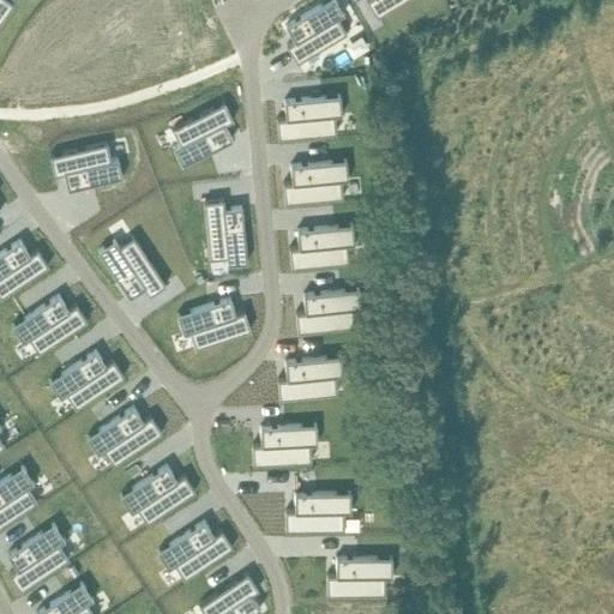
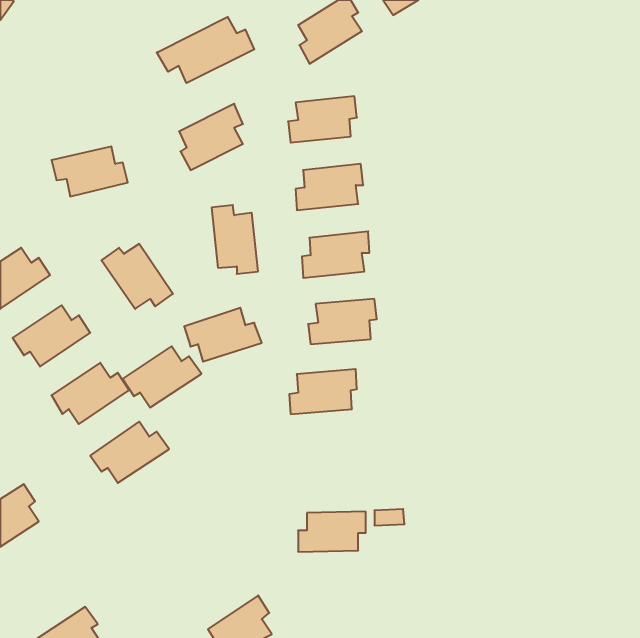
building: none -> [157,17,254,83]
building: [252,423,317,464] -> none
building: [120,464,195,523] -> [123,346,201,407]
building: [157,520,233,579] -> none
building: [7,523,68,591] -> none
building: [326,556,392,595] -> none

